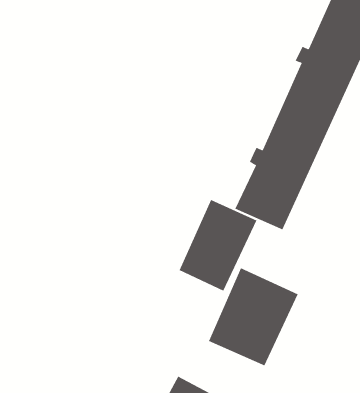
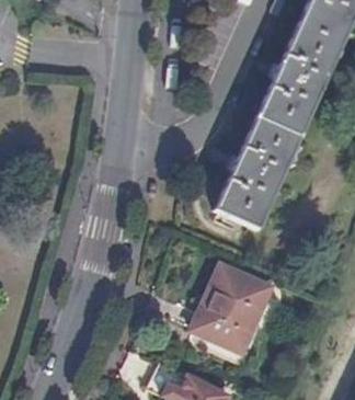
building: [179,199,257,292] -> none

